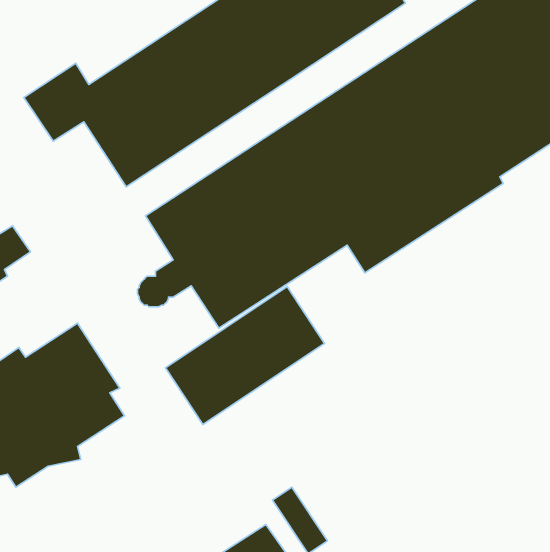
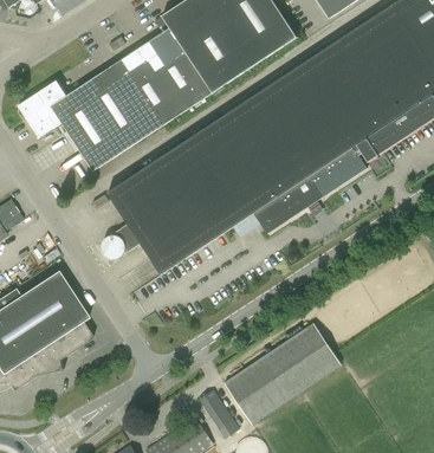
building: [165,287,325,425] -> [225,323,341,423]

